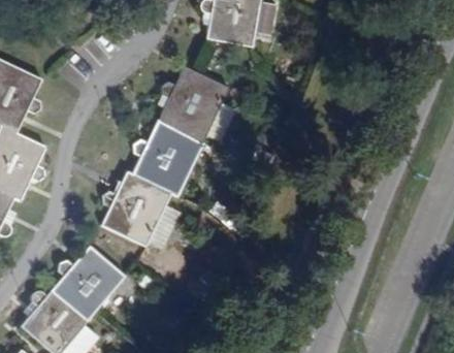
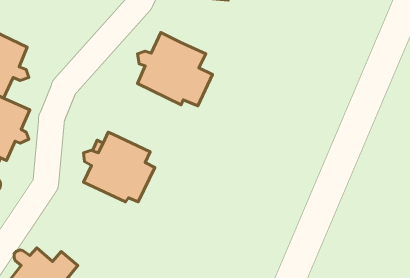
building: [132,119,204,194] -> none
building: [52,247,125,311] -> none

